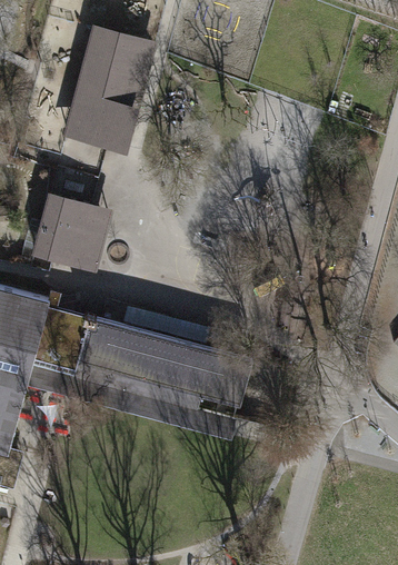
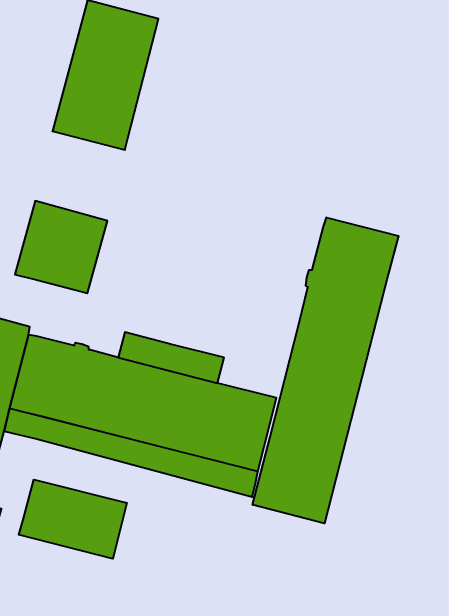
building: none -> [253,217,399,523]
building: none -> [19,480,127,559]

